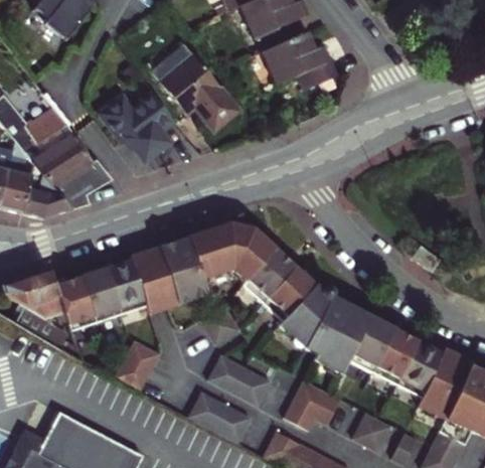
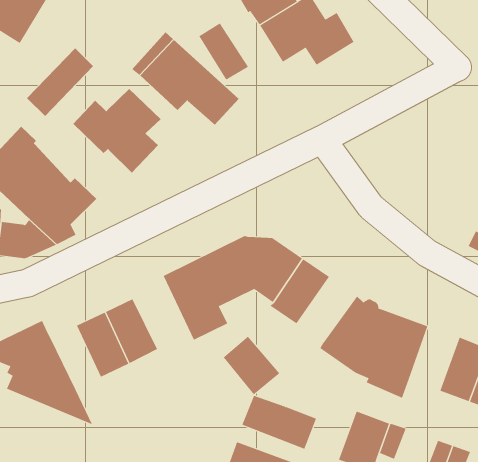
building: none -> [199,22,249,81]
building: none -> [26,47,94,117]
building: [129,247,176,313] -> none
building: [263,266,315,319] -> none
building: [59,278,96,330] -> none
building: [349,317,394,371] -> none
building: [113,340,159,391] -> none

